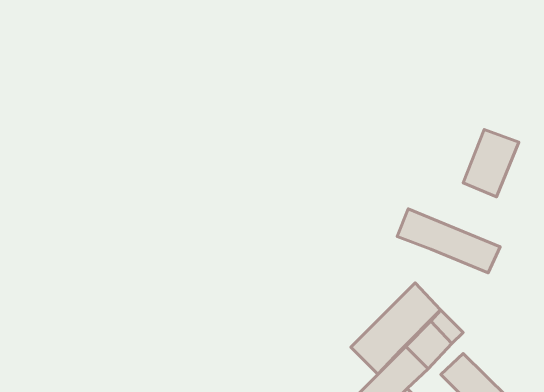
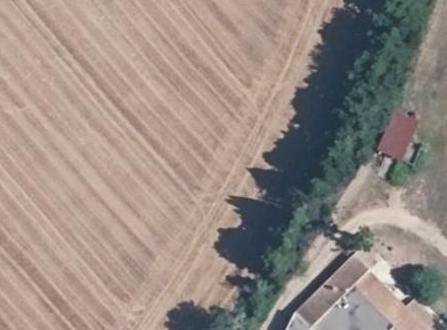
building: [397,209,500,273] -> none
building: [351,283,441,374] -> none

